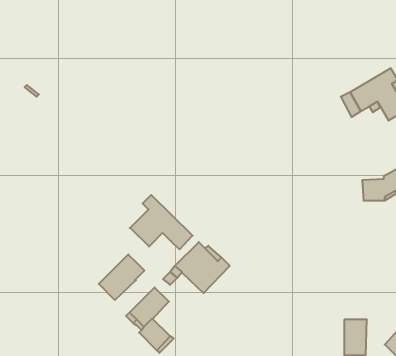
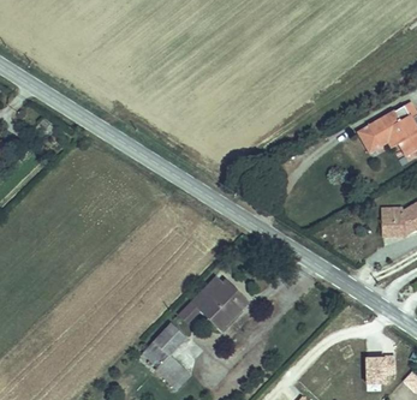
building: [130,195,193,249] -> none
building: [99,254,144,300] -> none

